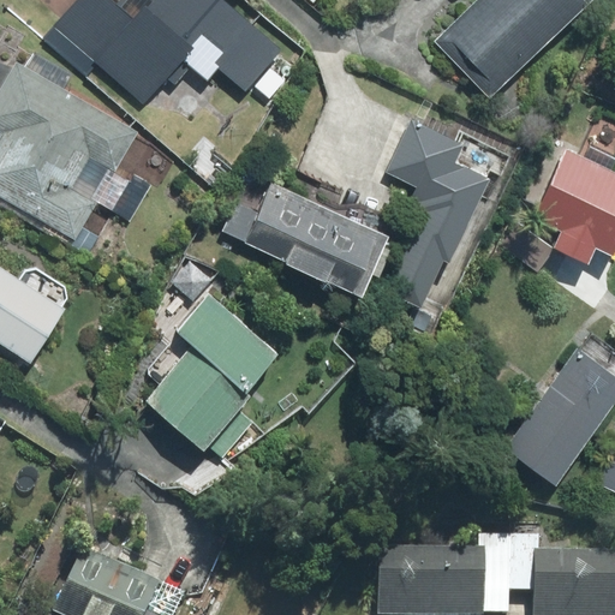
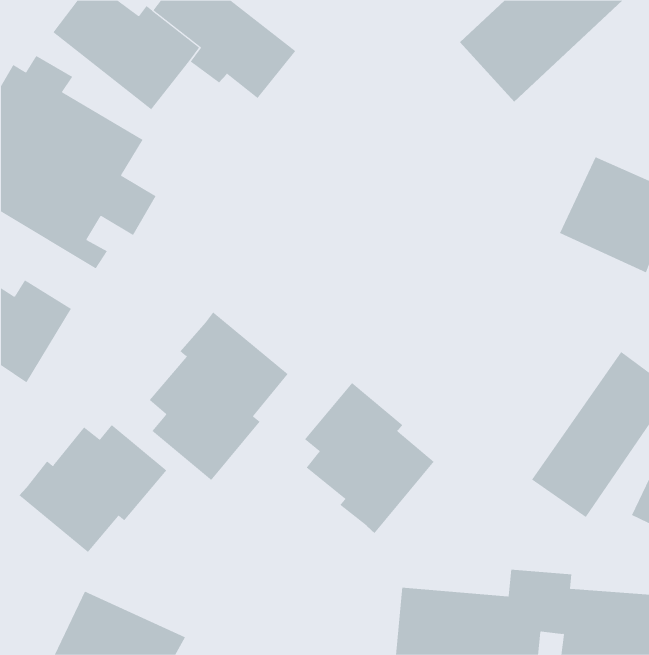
building: [384,119,485,308] -> none
building: [222,179,389,295] -> none
building: none -> [304,382,435,534]
building: none -> [18,424,167,553]

